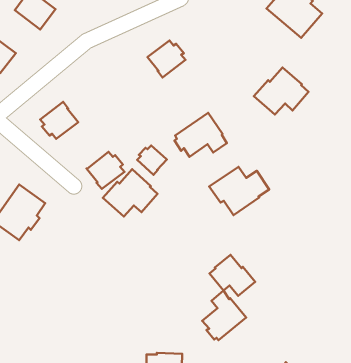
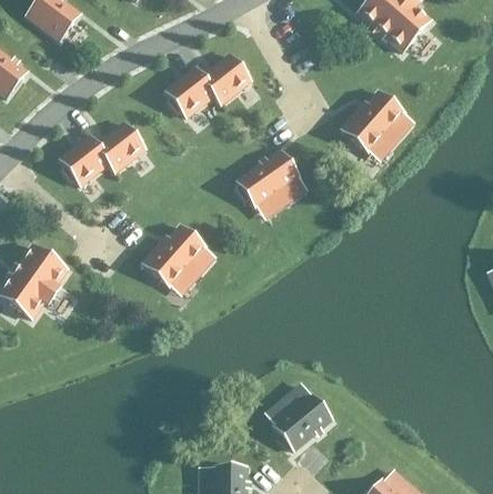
building: none -> [164,67,214,117]
building: [137,145,167,175] -> none
building: [86,152,124,189] -> [94,122,144,171]
building: [209,167,269,215] -> none
building: [209,255,255,296] -> none

